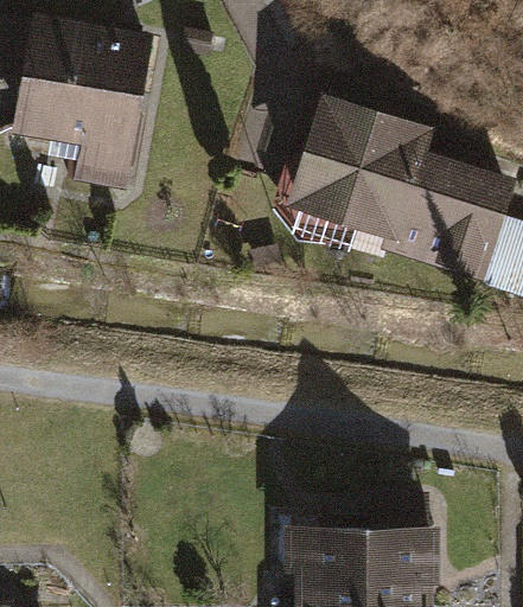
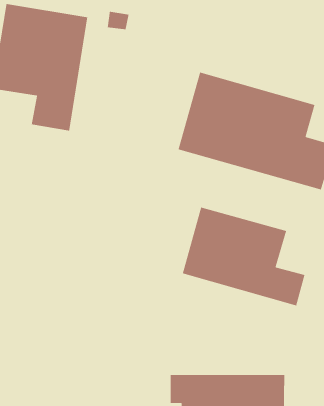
building: none -> [182,206,305,306]

